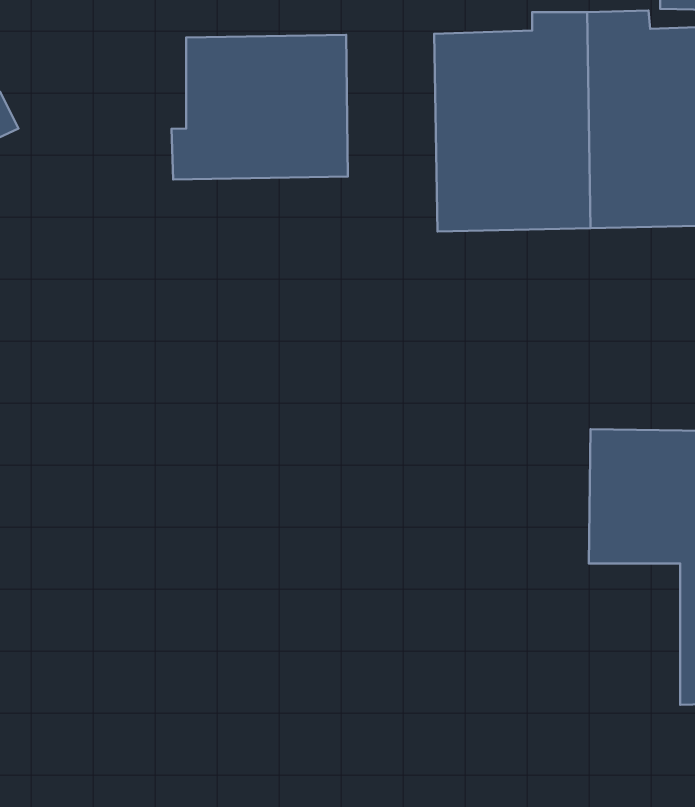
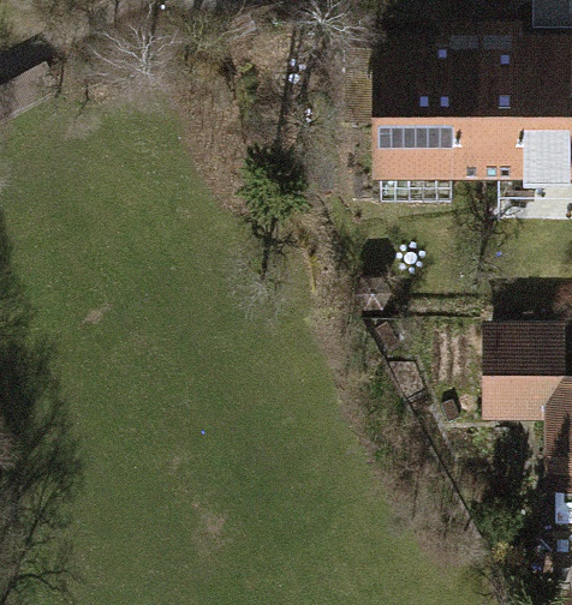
building: [172,35,348,180] -> none

